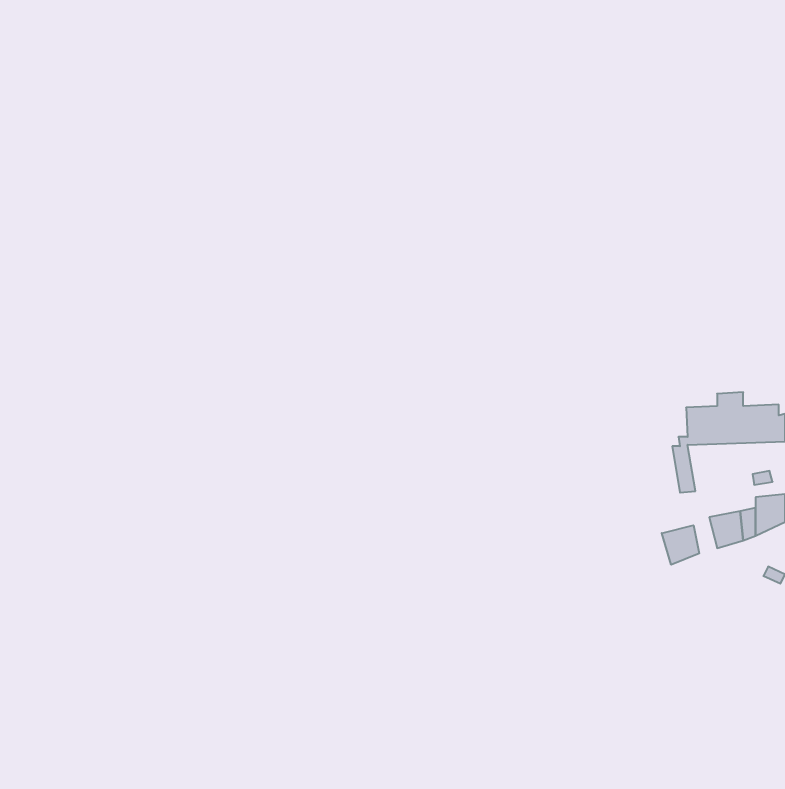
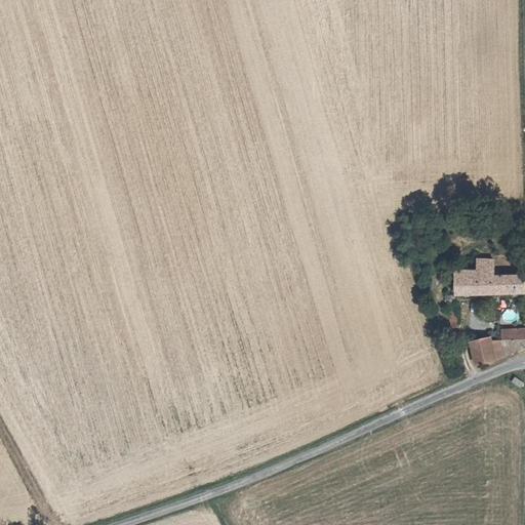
building: [662,525,699,565] -> none

